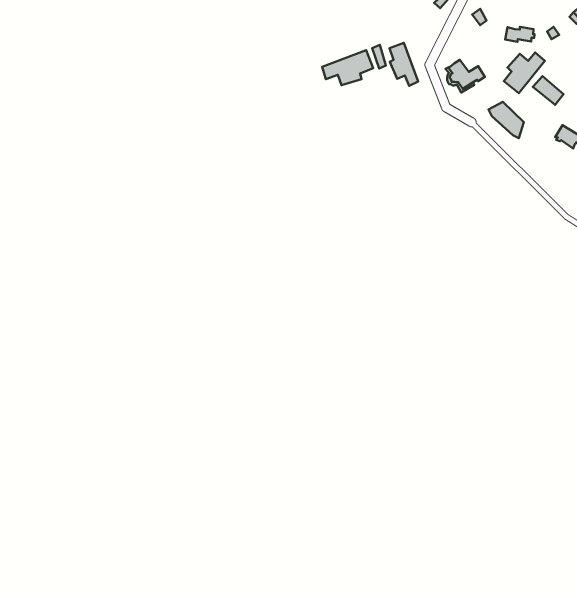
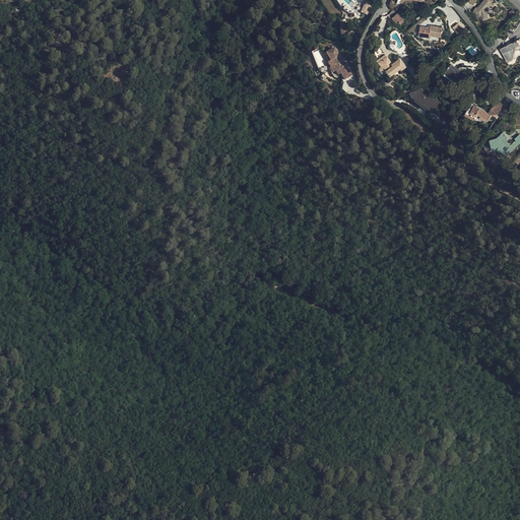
building: [322,50,373,85] -> none
building: [504,52,545,93] -> none

